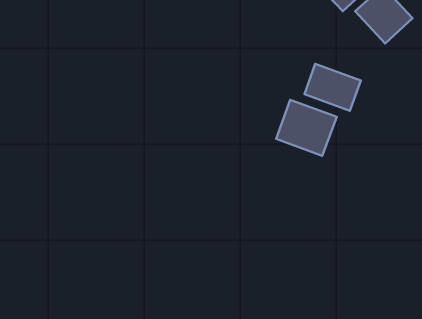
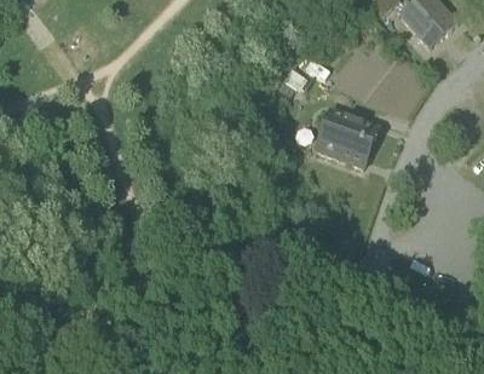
building: [304,64,361,111] -> none

